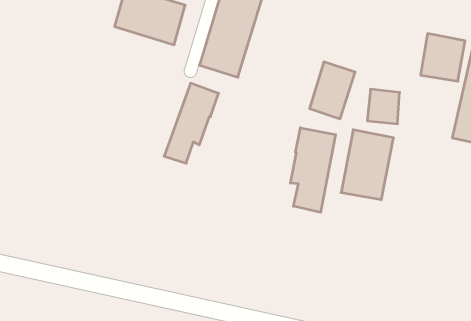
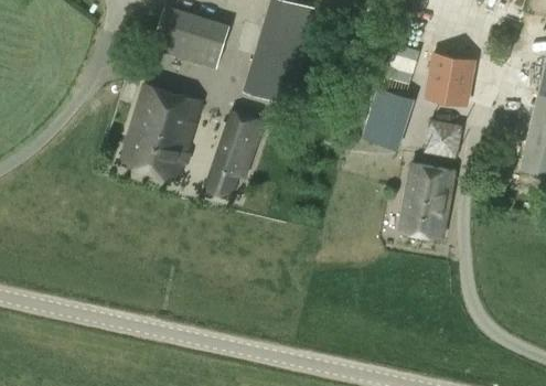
building: [421,34,465,81] -> [426,52,474,104]
building: none -> [121,84,202,181]
building: [290,128,336,212] -> none

